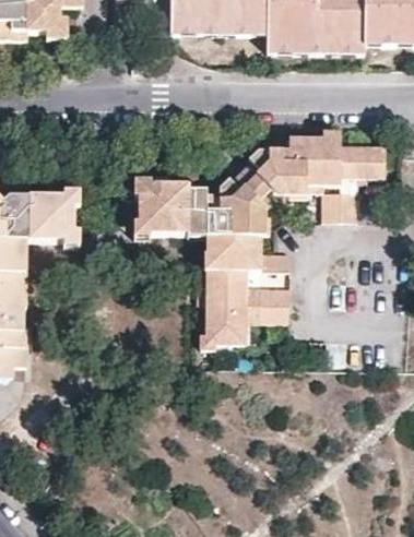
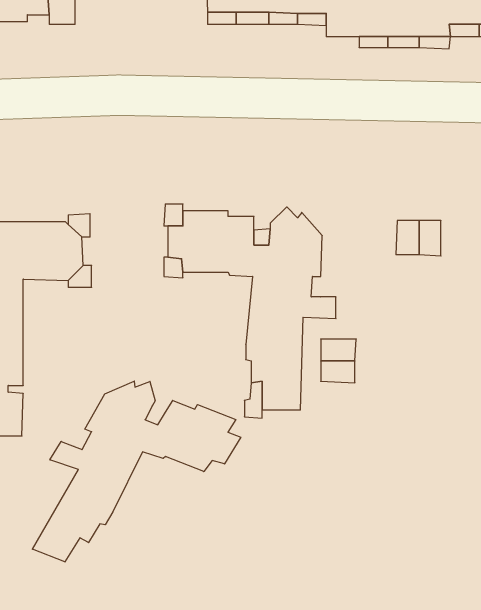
building: [256,138,386,191] -> none
building: none -> [32,381,241,562]

